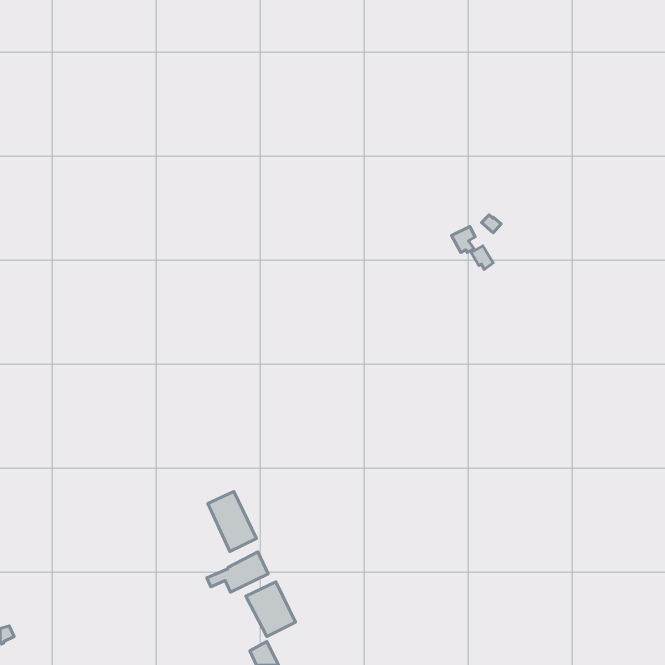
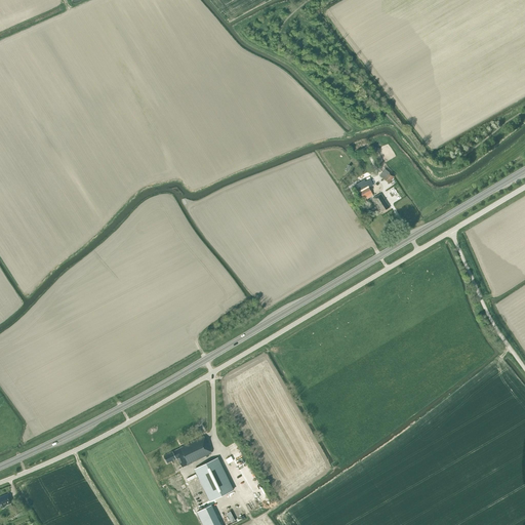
building: [208,492,256,552] -> none

